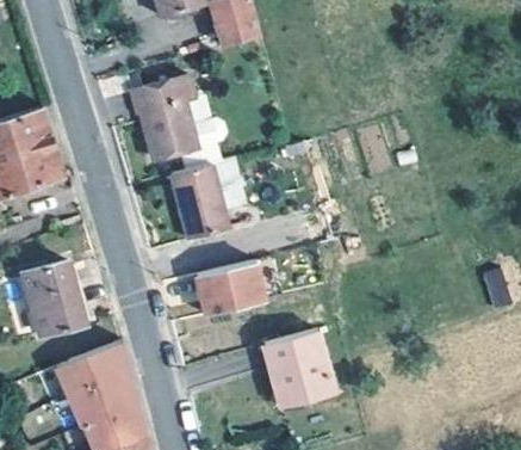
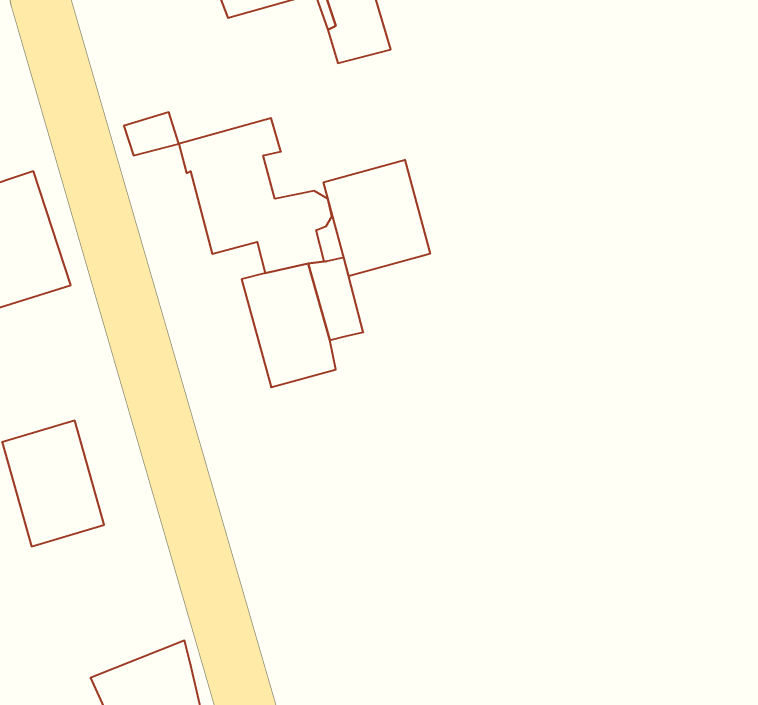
building: none -> [324,160,430,276]
building: [196,259,265,315] -> none
building: [266,329,334,406] -> none
building: [56,339,135,415] -> none

